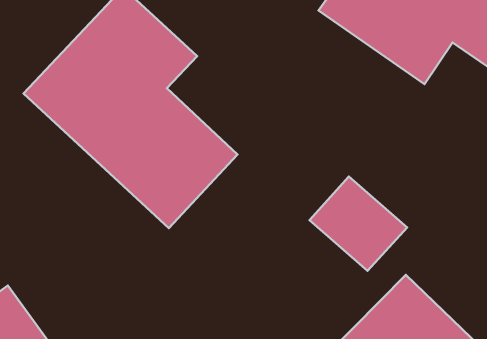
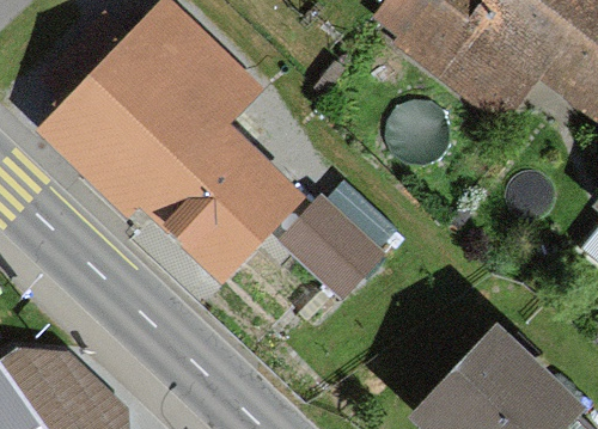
building: [309,177,407,271] -> [275,168,388,277]

